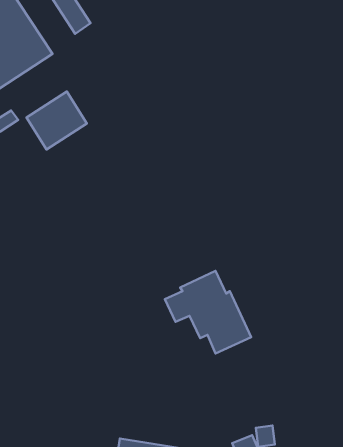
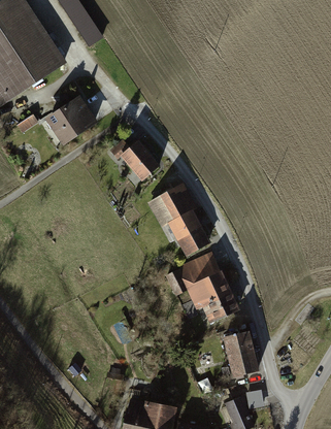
building: none -> [121,140,161,182]
building: none -> [146,182,211,257]
building: none -> [224,330,261,377]

